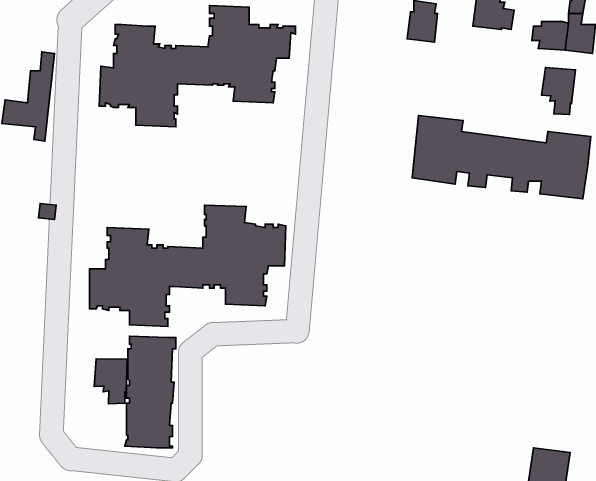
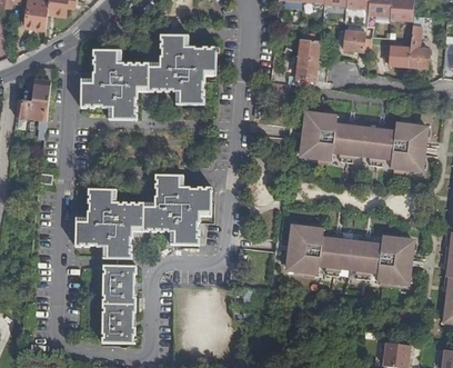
building: none -> [295,59,316,87]
building: [542,67,575,114] -> none
building: none -> [288,227,412,286]
building: [94,359,127,404] -> none

